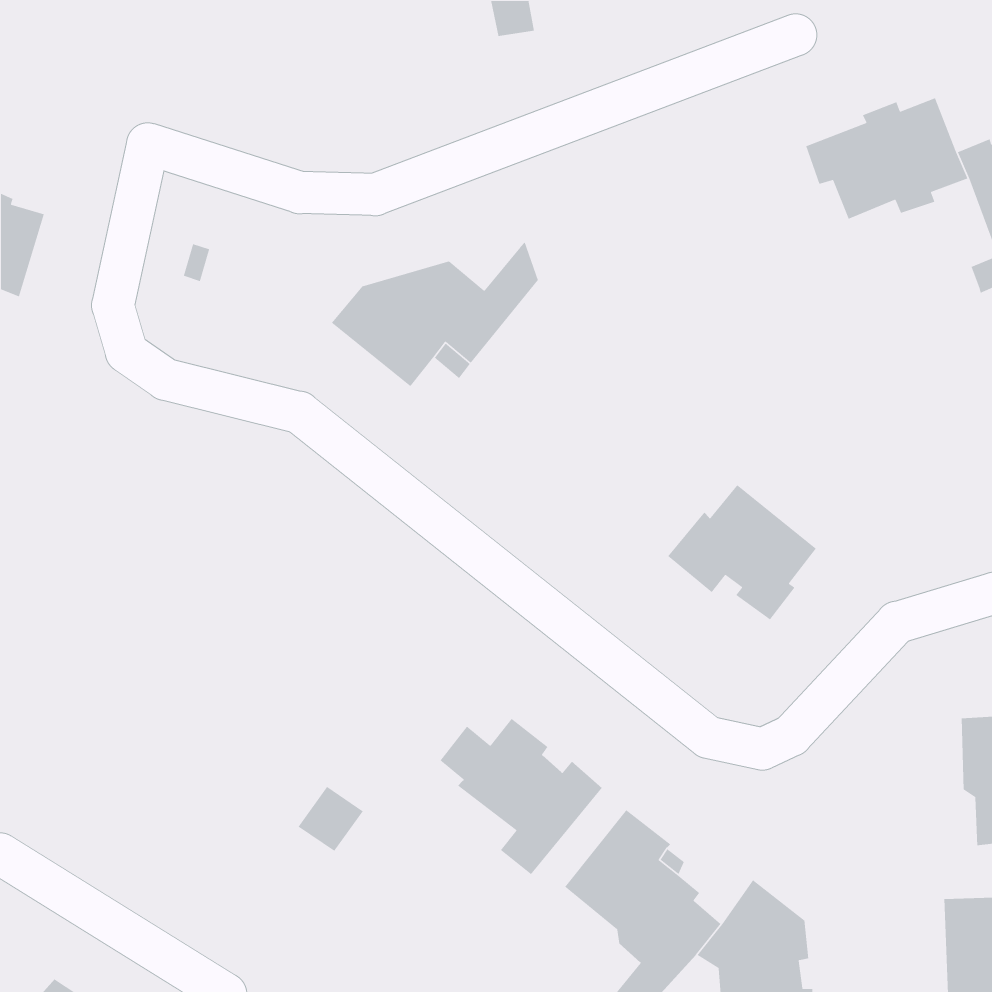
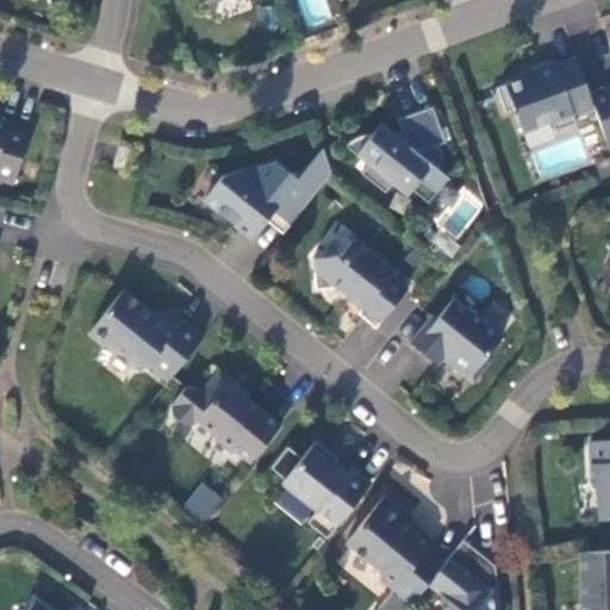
building: none -> [346,106,448,203]
building: none -> [312,238,407,328]
building: none -> [97,280,207,371]
building: none -> [172,369,280,462]

